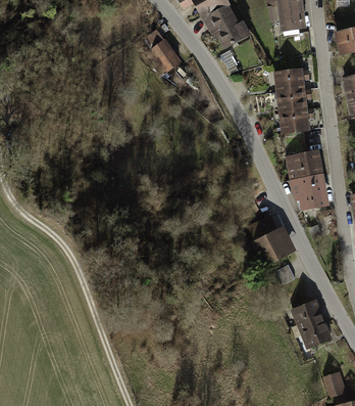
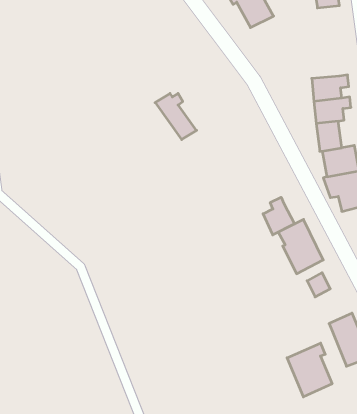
building: [143,30,180,71] -> [155,93,197,140]
building: [275,69,309,92] -> none
building: none -> [263,197,295,235]
building: none -> [287,343,332,397]

